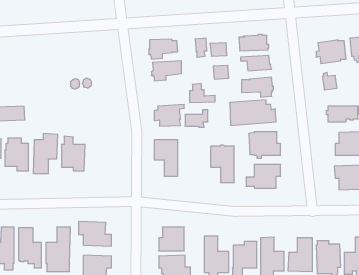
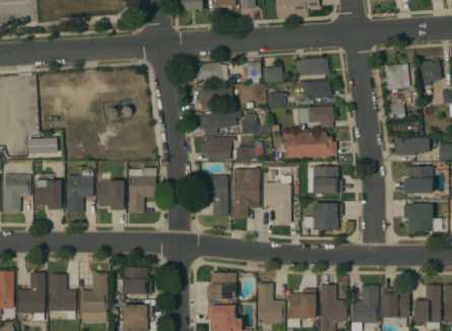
building: none -> [198,112,240,135]
building: none -> [128,168,155,213]
building: none -> [233,170,259,218]

